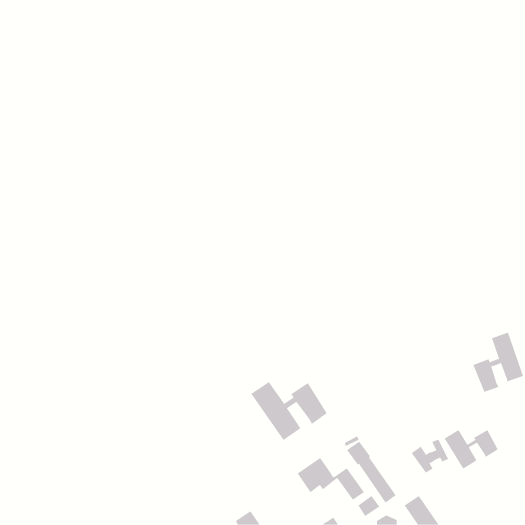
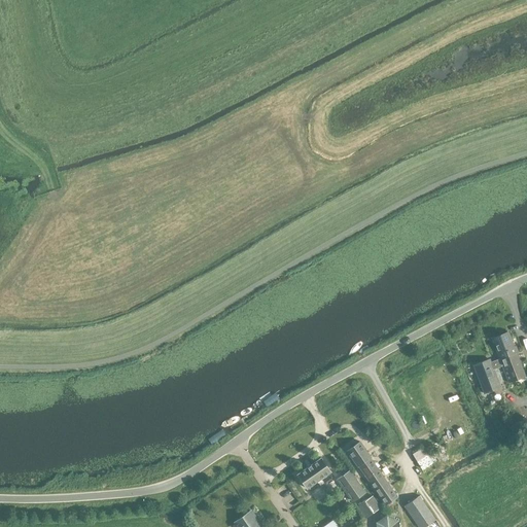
building: [251,381,327,441] -> none
building: [444,429,498,469] -> none

